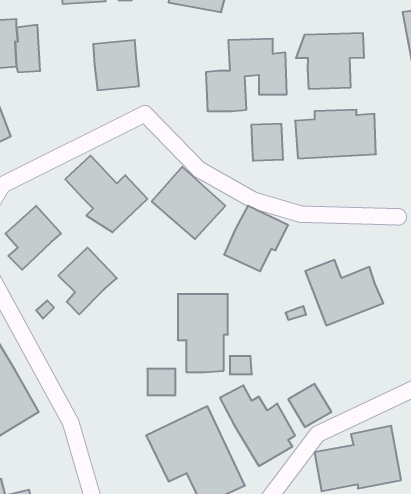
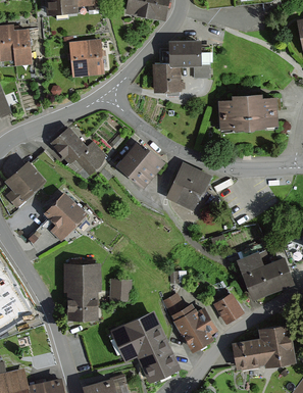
building: [296,33,364,89] -> none
building: [251,124,283,161] -> none
building: [305,260,383,325] -> [237,252,294,300]
building: [178,294,228,372] -> [63,262,100,320]

